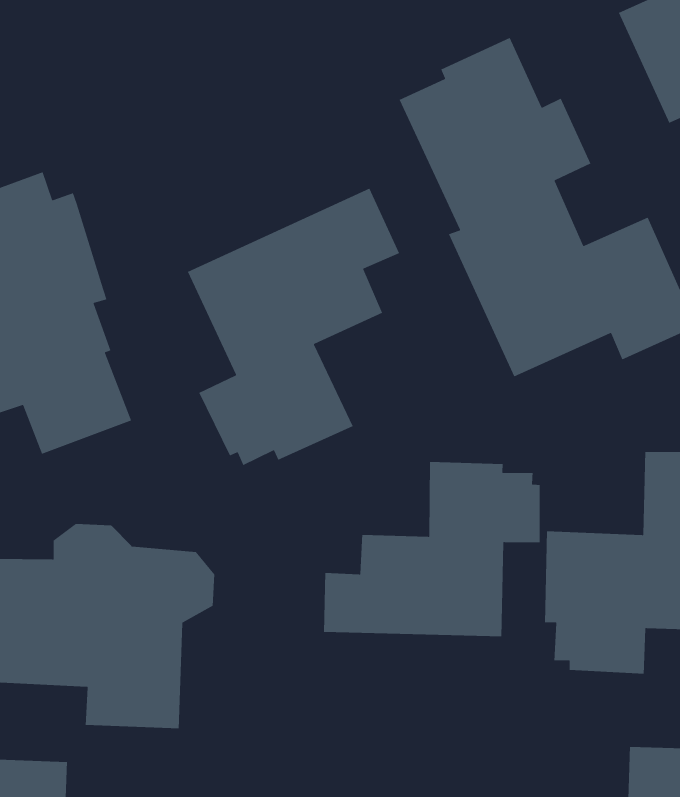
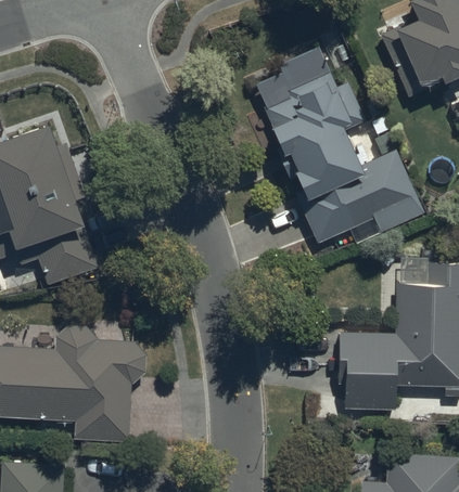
building: [187,187,400,466] -> none
building: [323,461,541,637] -> none

